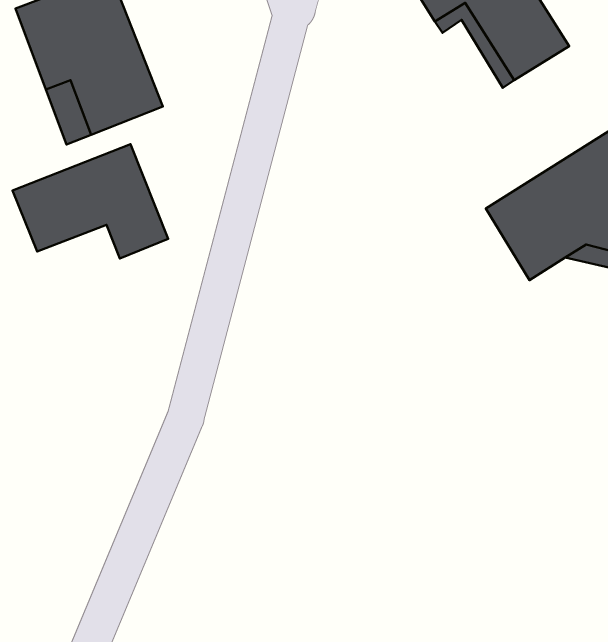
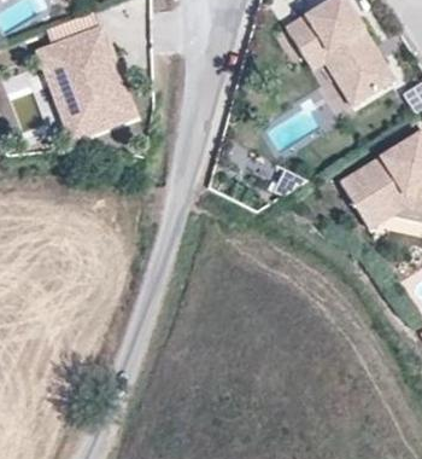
building: [13,144,168,258] -> none

